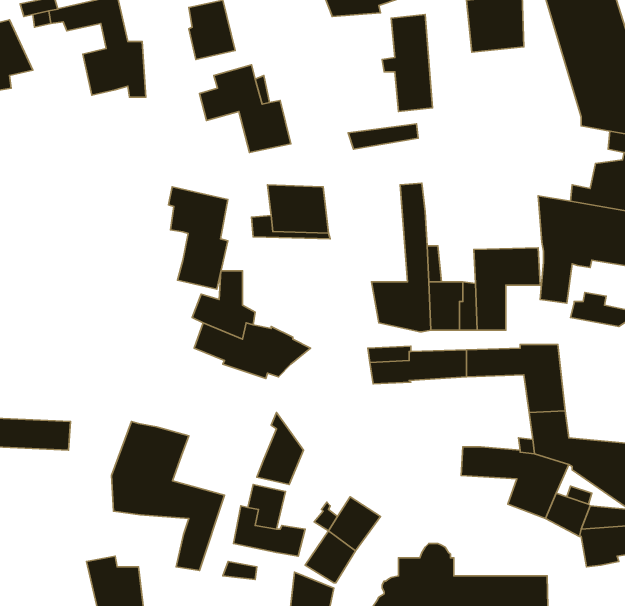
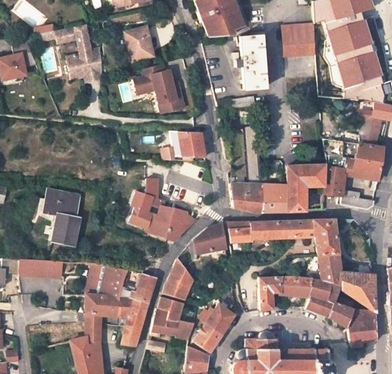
building: [169,187,228,289] -> [47,188,80,245]
building: none -> [194,222,226,251]
building: none -> [119,273,155,303]
building: none -> [259,276,281,310]
building: none -> [86,312,101,343]

